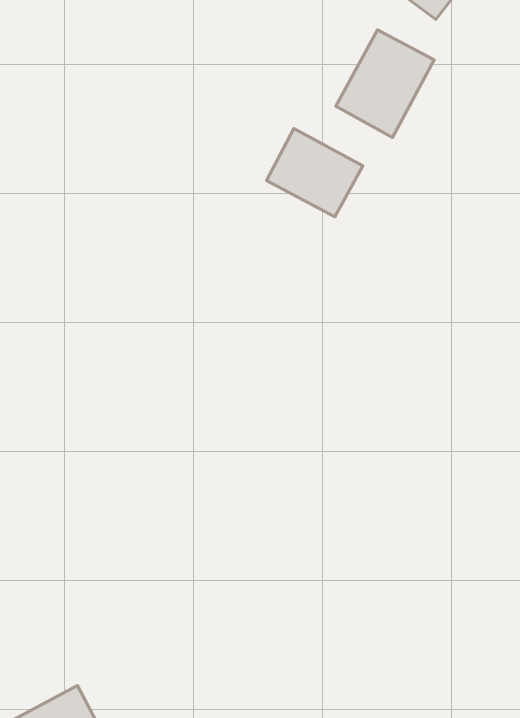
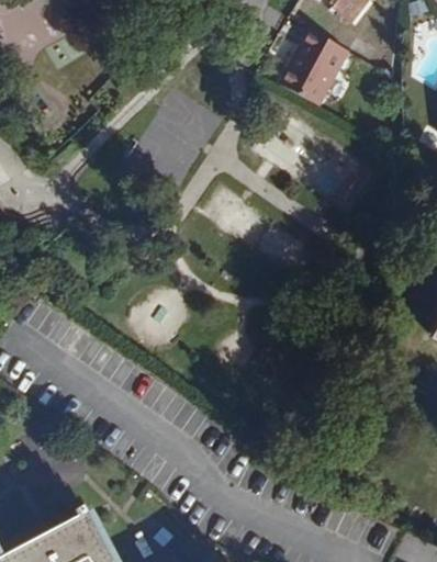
building: [266,128,363,217] -> none

